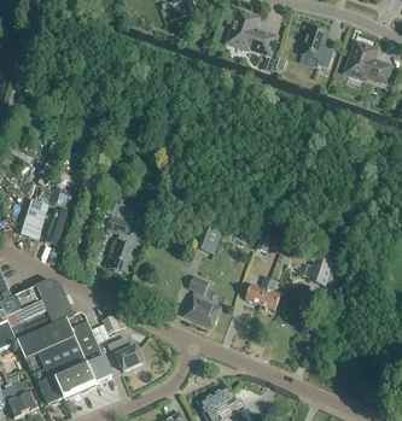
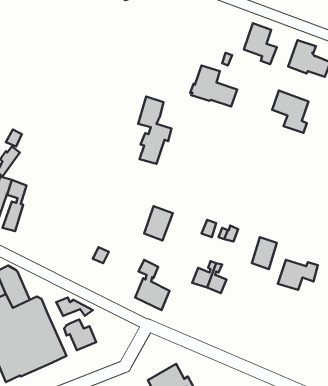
building: [227,11,276,54] -> [190,65,237,107]
building: none -> [272,90,309,133]
building: [107,201,142,273] -> [138,96,171,164]
building: none -> [278,260,318,290]

